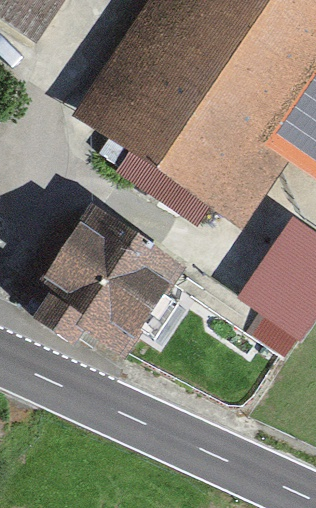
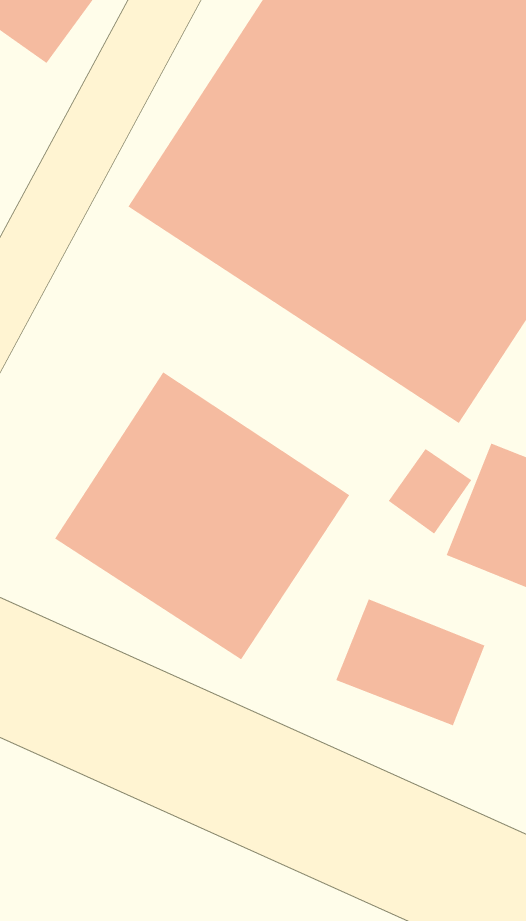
building: none -> [335,598,485,726]

